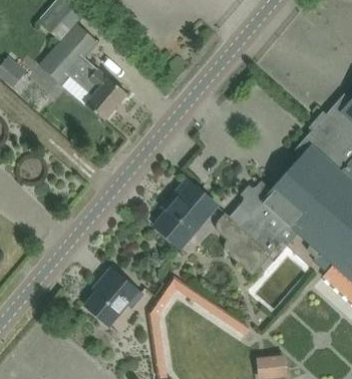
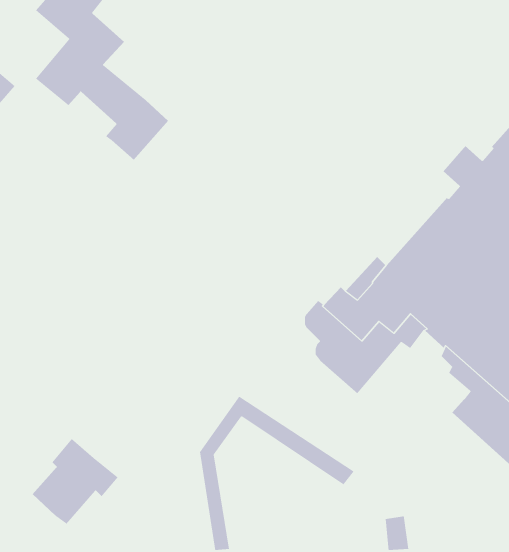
building: [154,178,217,247] -> none
building: [85,267,142,324] -> [32,438,118,525]

